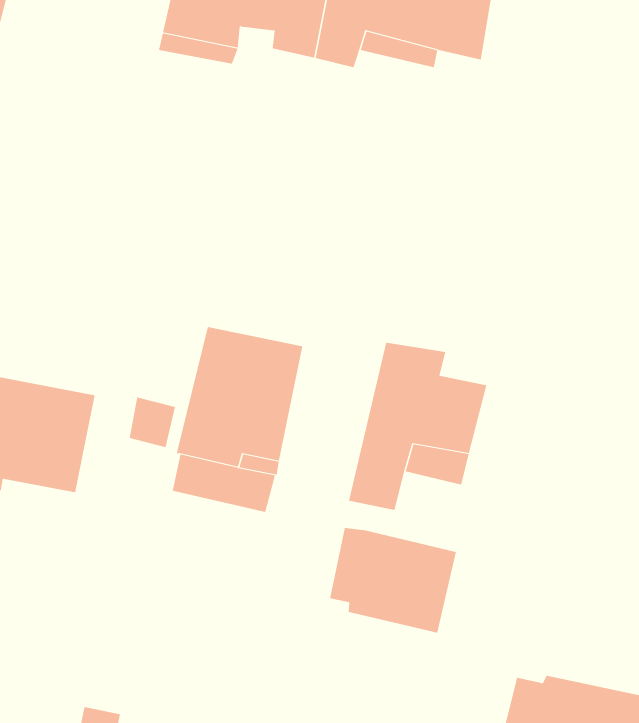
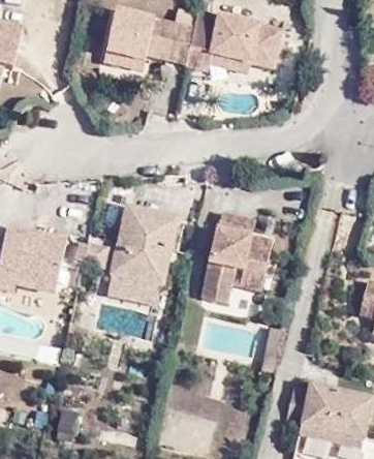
building: [330,527,457,634] -> none

